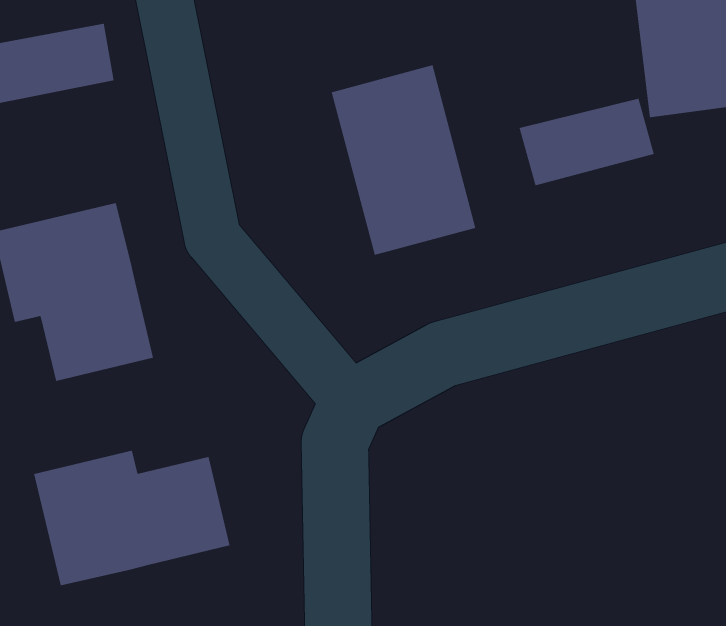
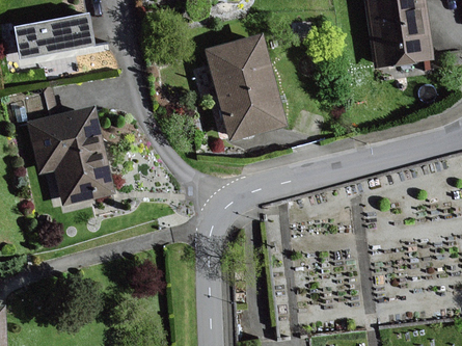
building: [519,98,655,186] -> none
building: [34,450,230,586] -> none

